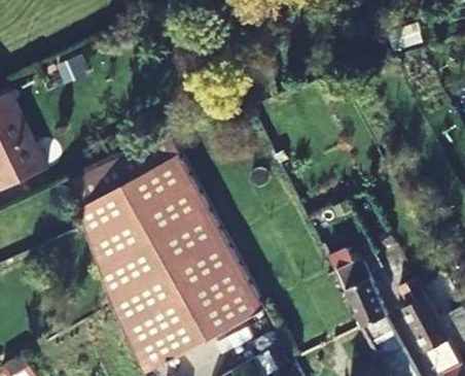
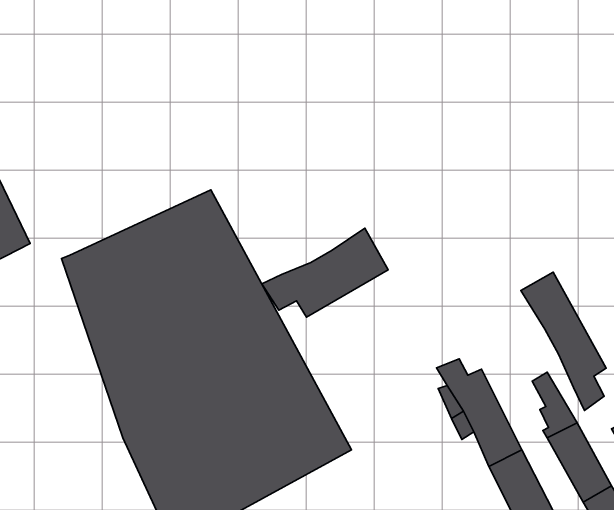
building: none -> [262,228,388,317]
building: none -> [521,272,606,410]

